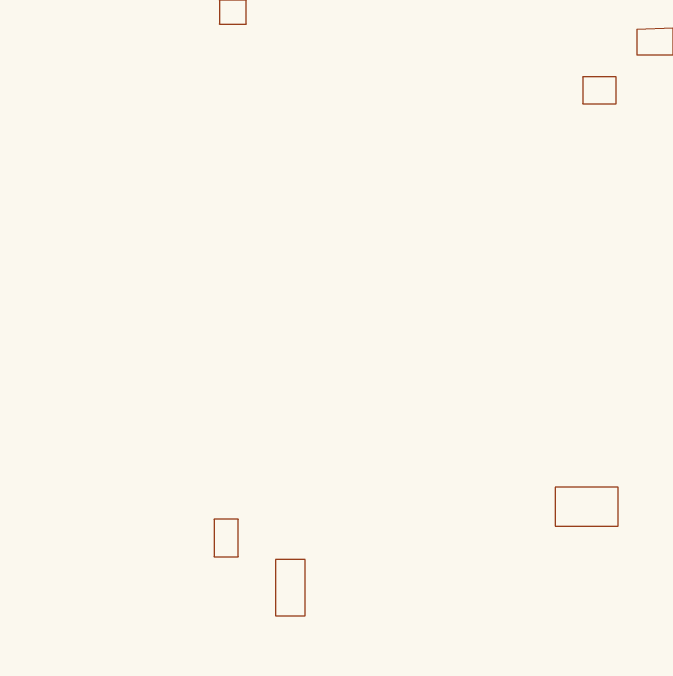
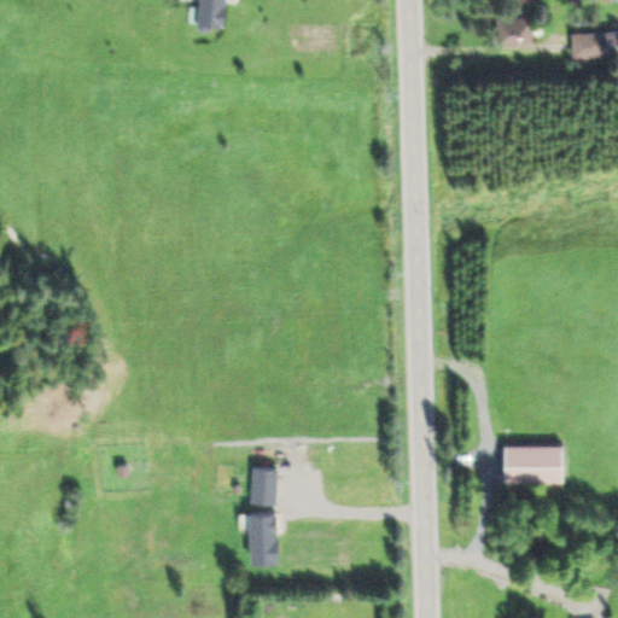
building: [583,77,616,104] -> [497,22,527,46]
building: [214,519,238,557] -> [255,468,276,502]

